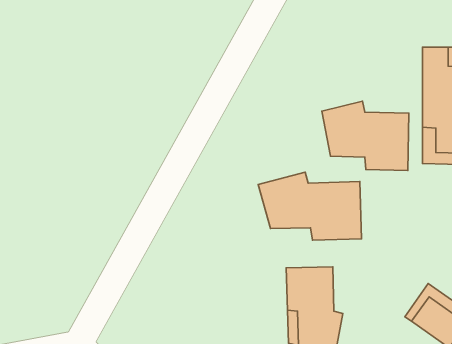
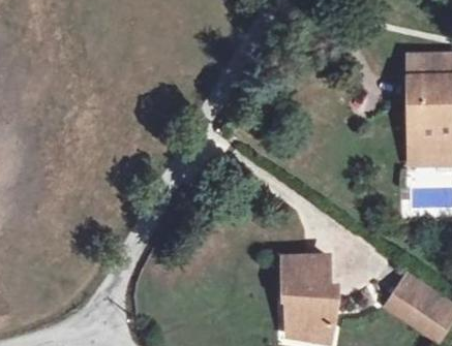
building: [322,101,409,170] -> none
building: [258,172,362,240] -> none

